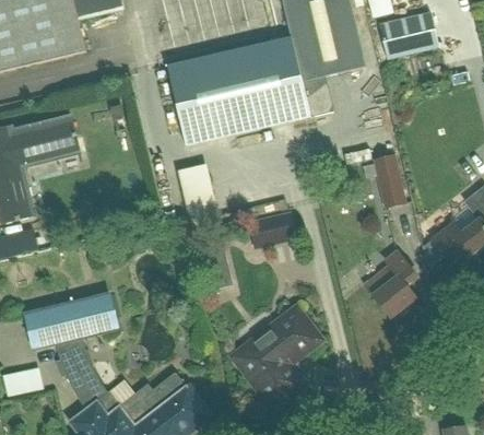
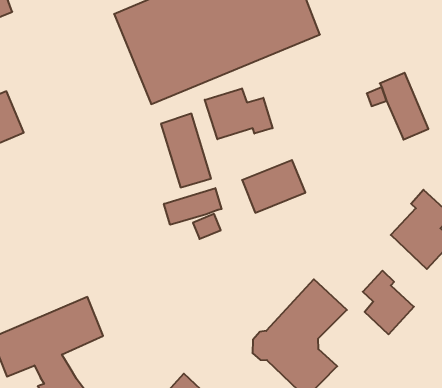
building: none -> [205,88,273,139]
building: none -> [164,188,222,225]
building: none -> [363,271,414,334]

